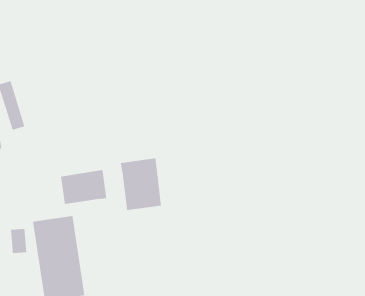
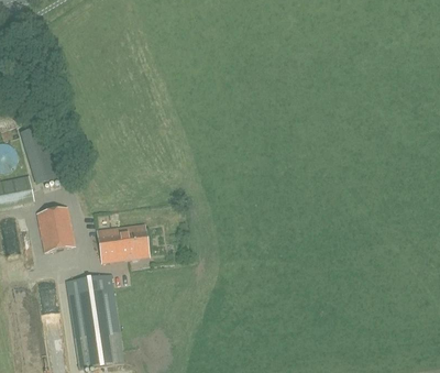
building: none -> [35,206,74,251]
building: [120,158,161,211] -> none

